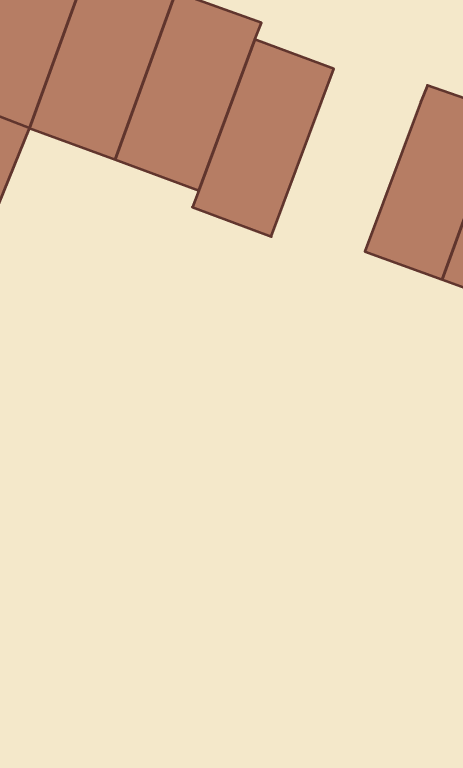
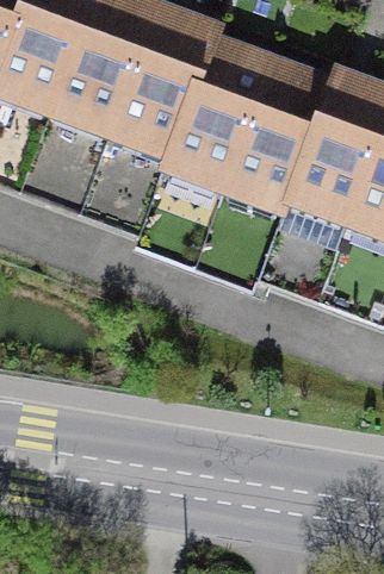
building: none -> [228,58,336,204]

